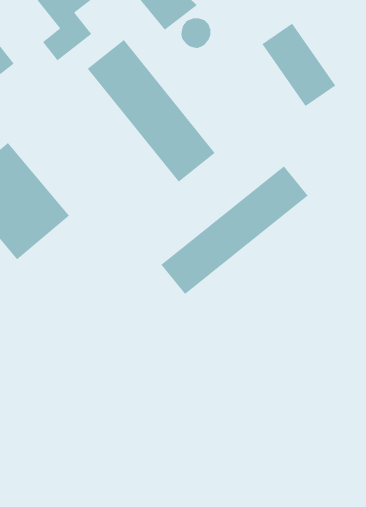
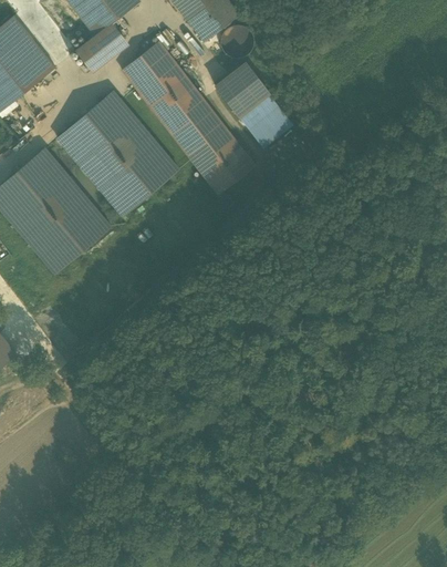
building: [262,23,336,107] -> [214,59,291,146]
building: none -> [53,92,174,216]
building: [161,165,308,295] -> none

